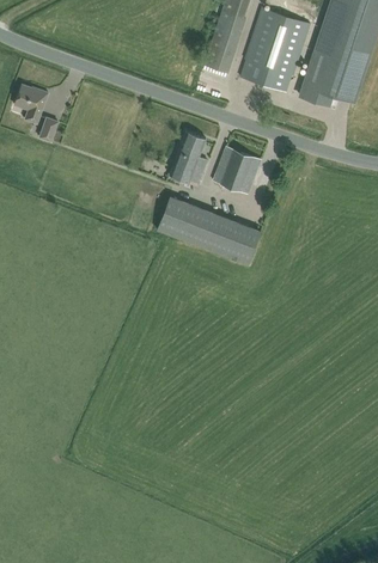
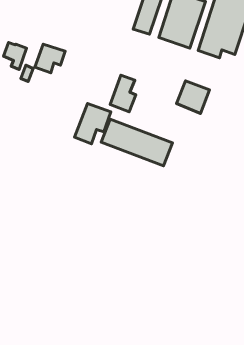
building: none -> [35,44,65,73]
building: [213,146,261,194] -> [177,81,209,113]
building: none -> [74,103,111,144]

